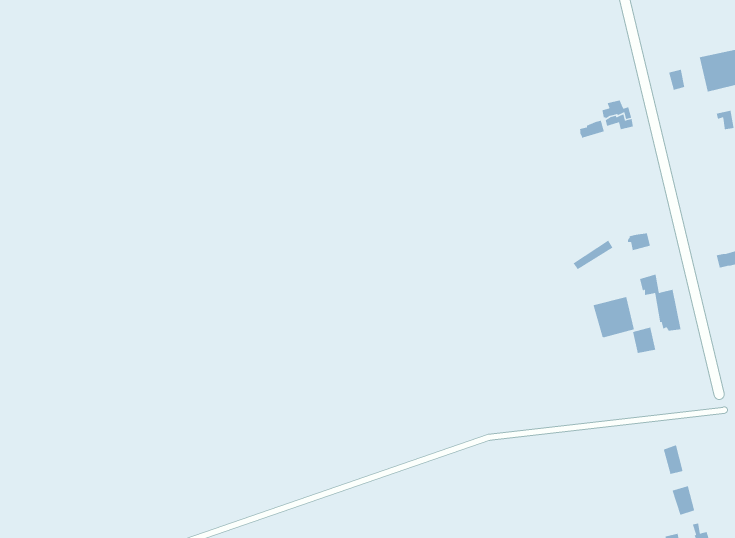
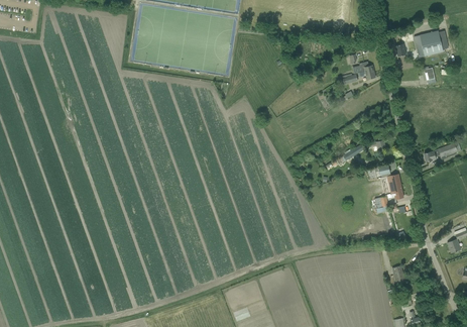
building: [592,296,635,338] -> none

